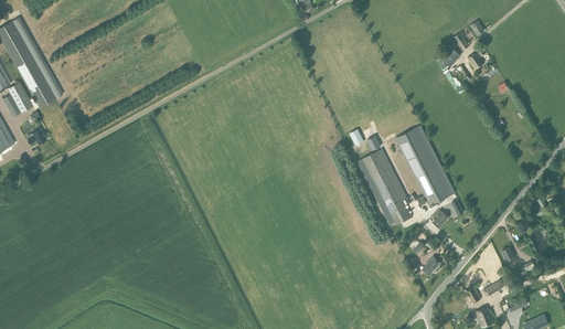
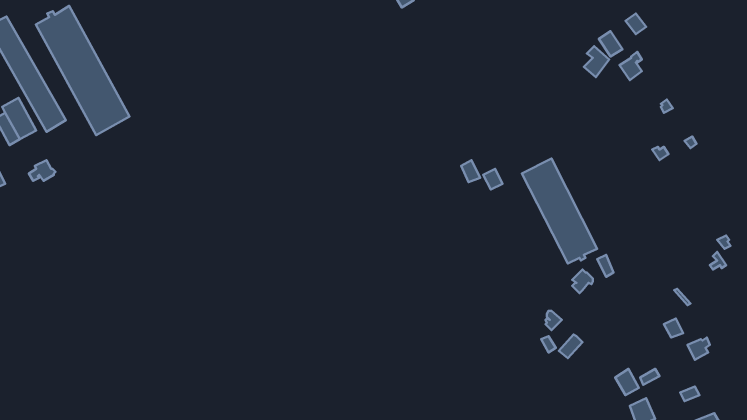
building: none -> [36,6,130,135]
building: [362,149,412,224] -> none

